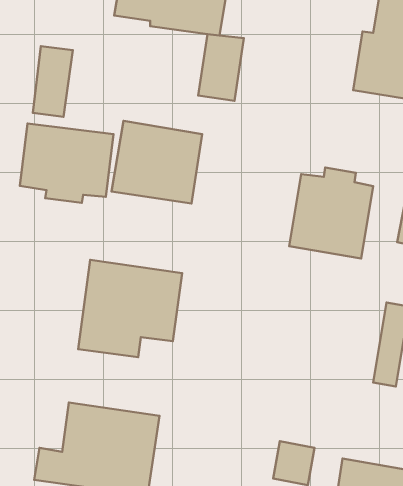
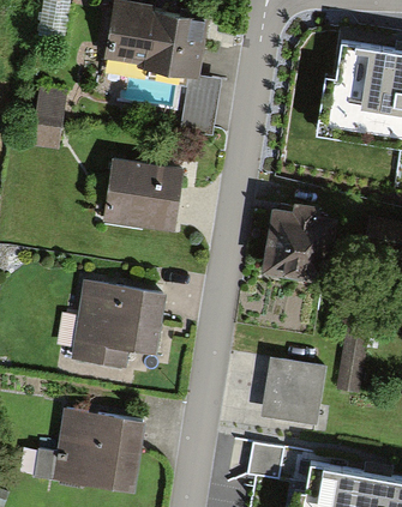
building: [20,123,114,203] -> none
building: none -> [259,357,326,427]

